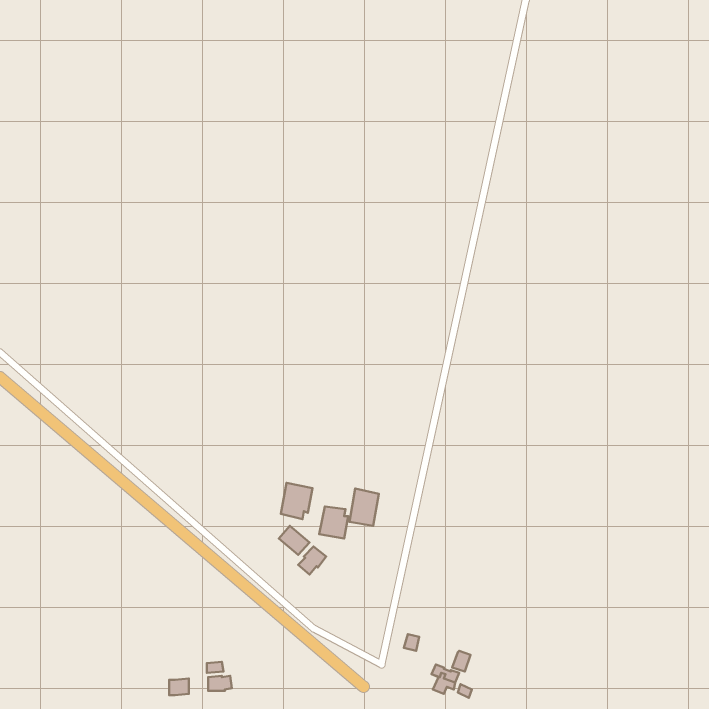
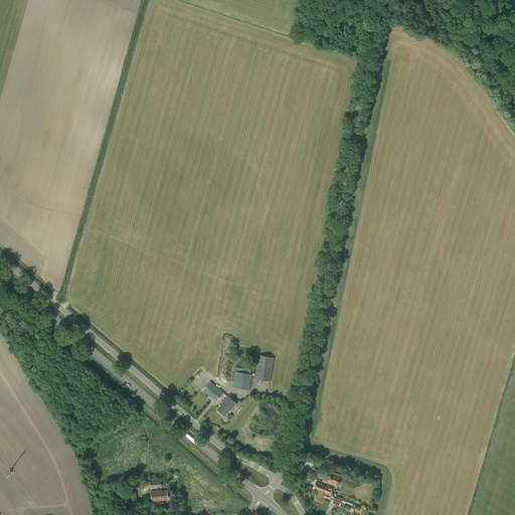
building: [281,483,312,519] -> none

